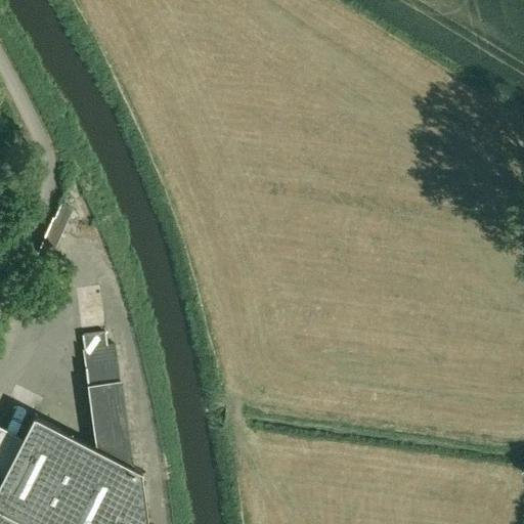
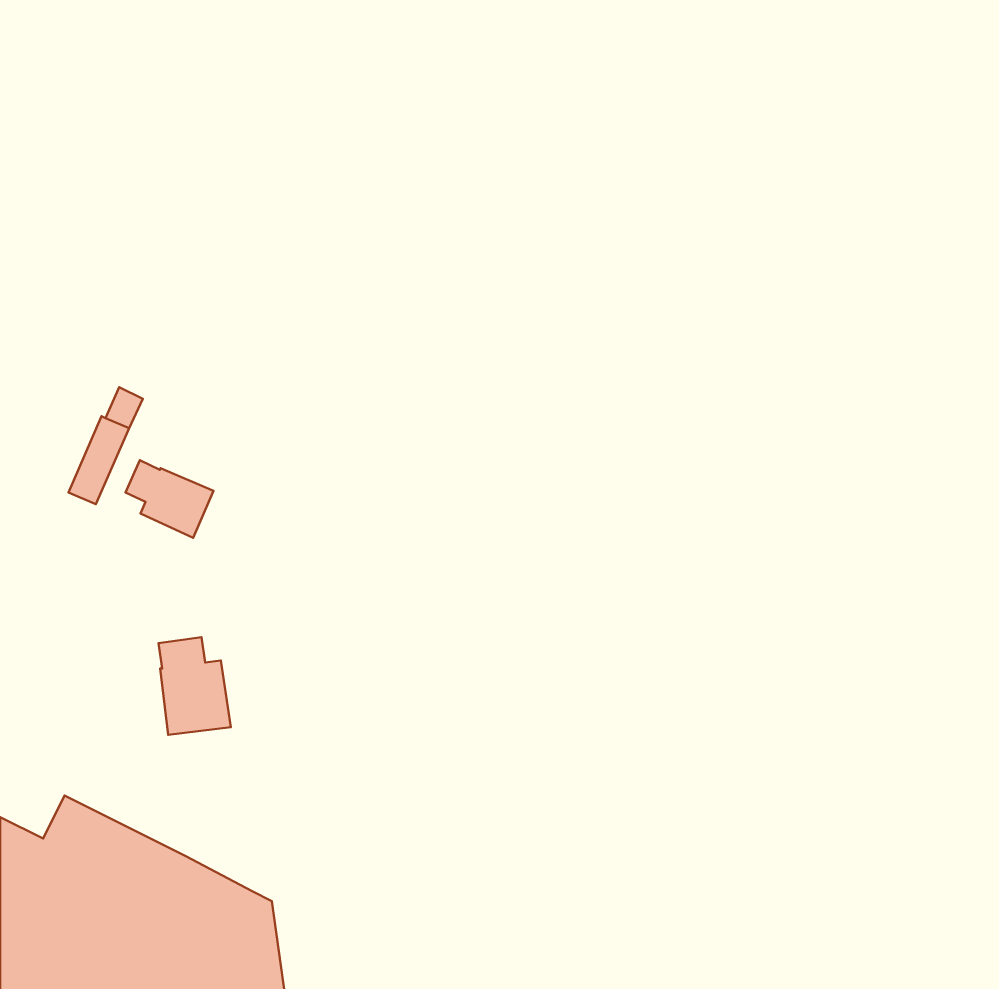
building: none -> [125,460,214,538]
building: [88,386,132,472] -> none

